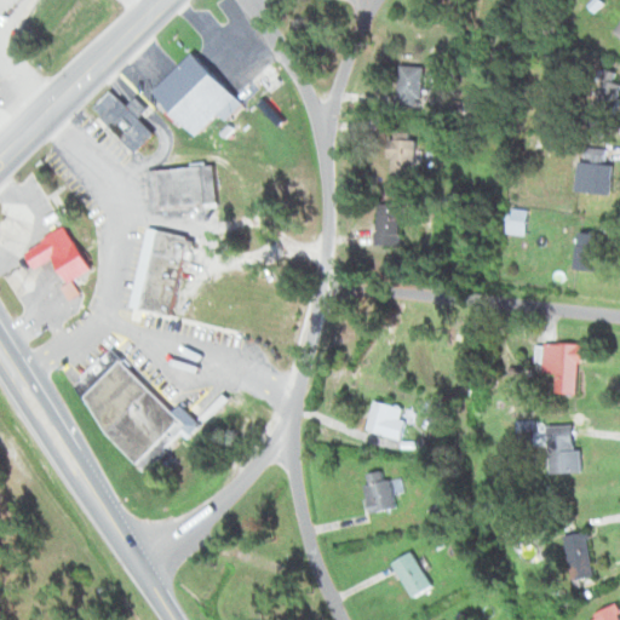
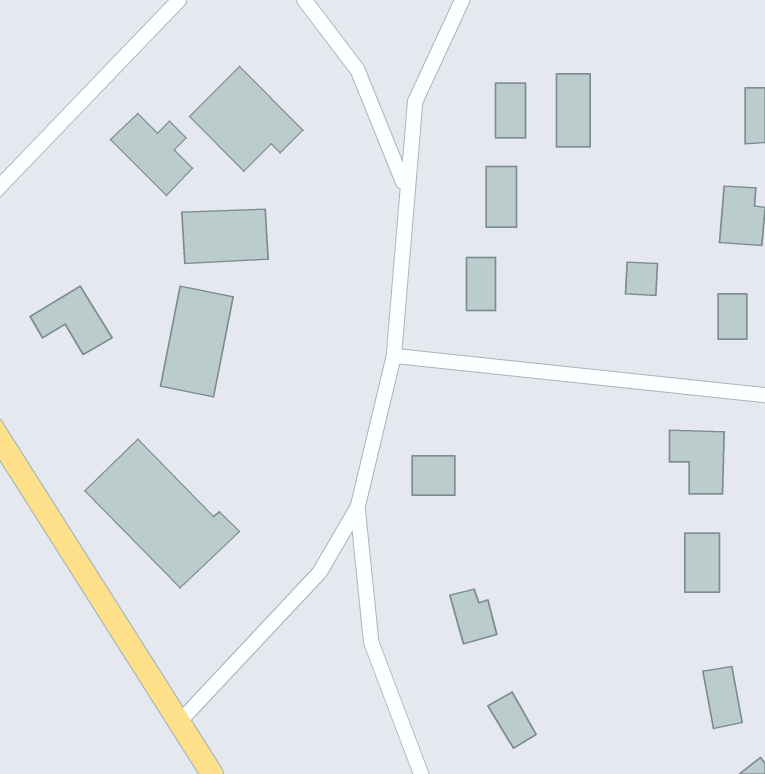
building: none -> [556,74,590,147]
building: [367,404,401,436] -> [412,456,455,495]

